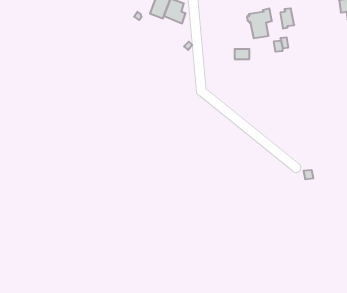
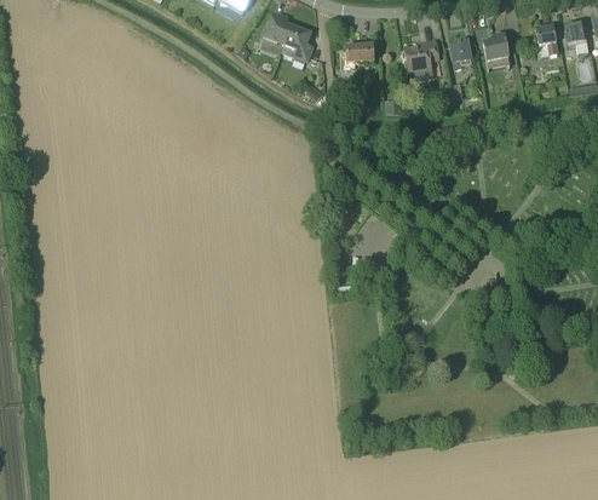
building: none -> [483,30,510,67]
building: none -> [343,41,374,67]

